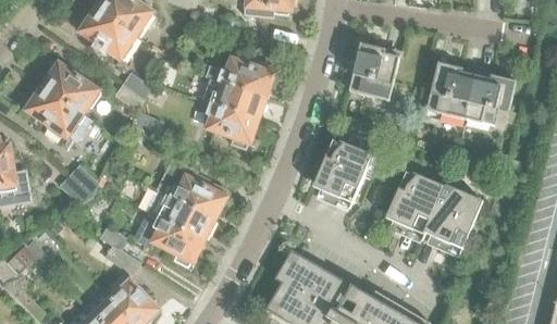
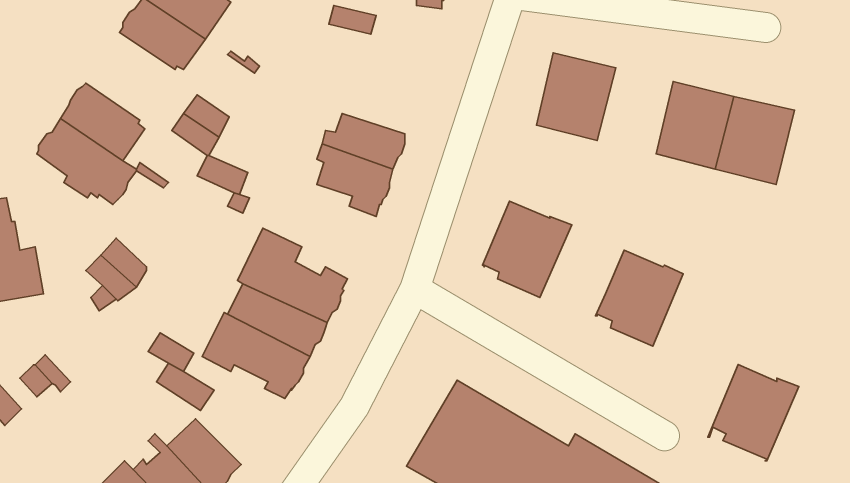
building: [205,58,274,96] -> none
building: [424,186,483,248] -> [708,365,799,461]

